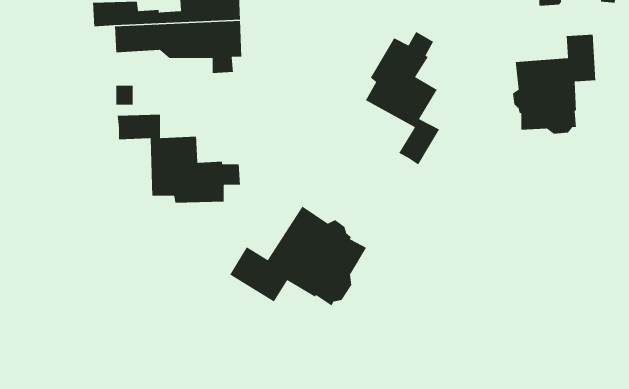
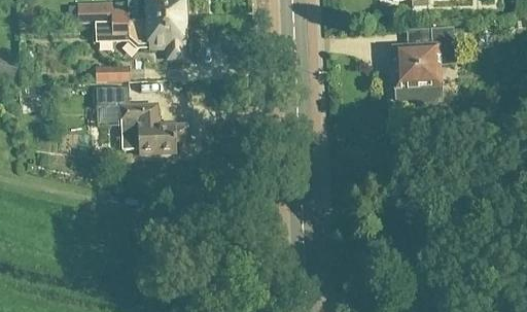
building: [365,31,440,165] -> none
building: [229,205,367,306] -> none

